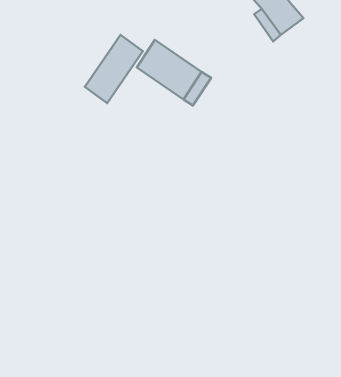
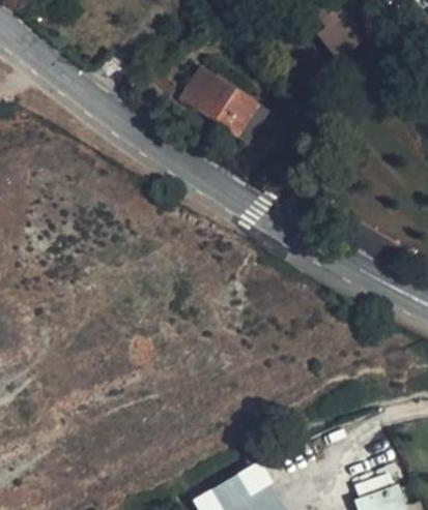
building: [85,35,143,103] -> none

